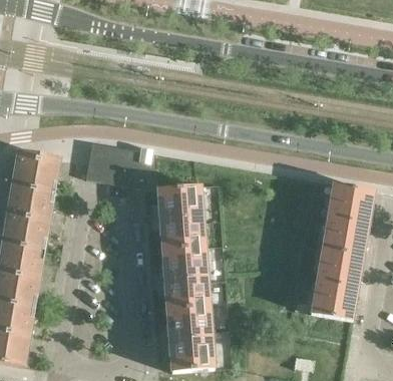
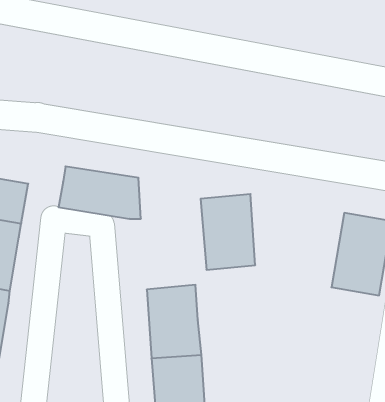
building: [156,184,204,250] -> [201,194,255,270]
building: [310,248,362,320] -> none

